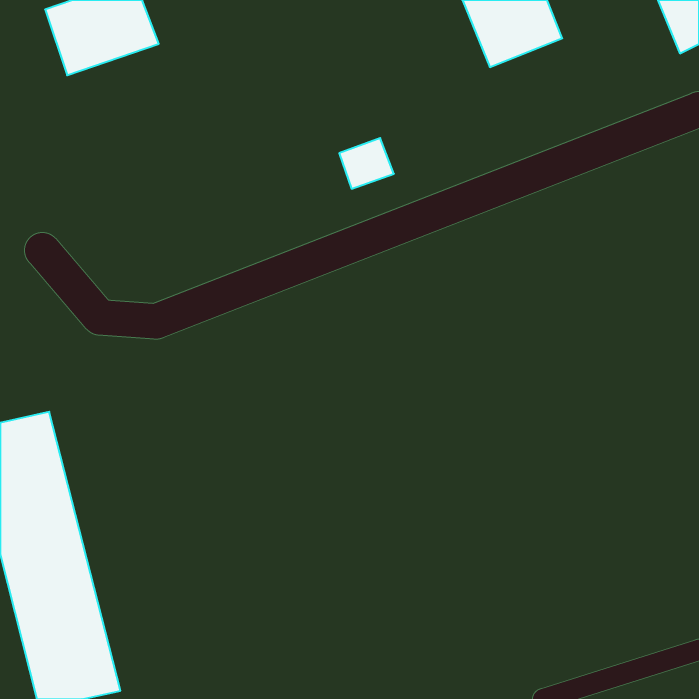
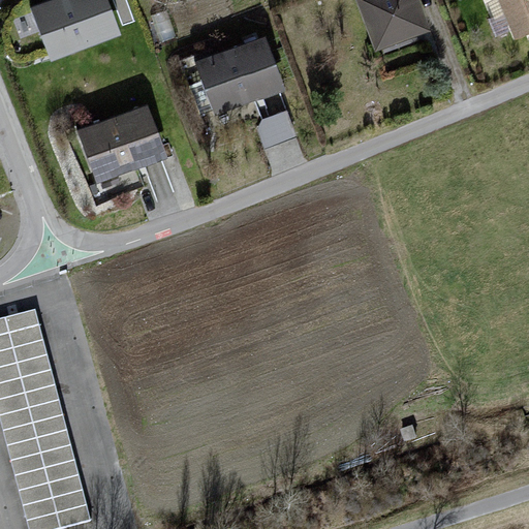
building: none -> [189,39,279,117]
building: none -> [80,107,165,178]

